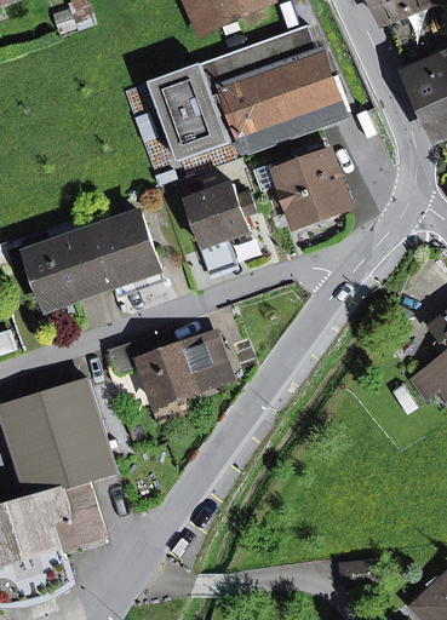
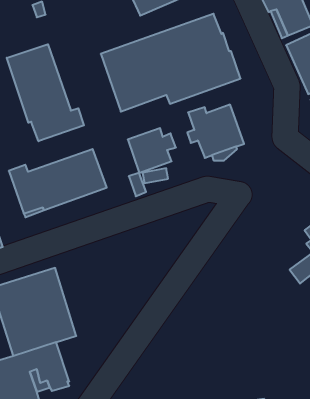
building: none -> [7,44,84,141]
building: [109,331,228,404] -> none

